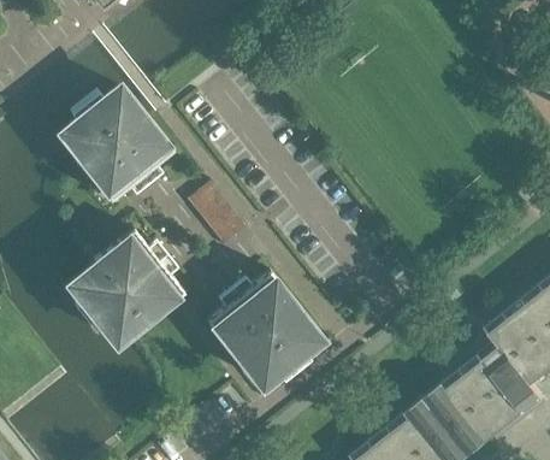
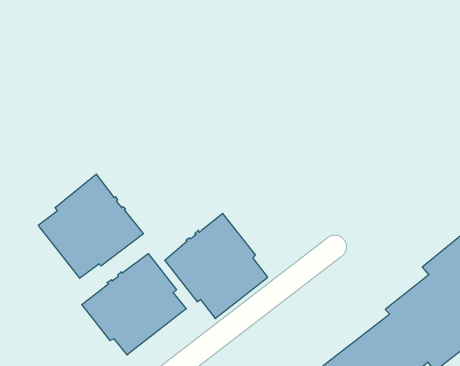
building: [63,90,173,204] -> none
building: none -> [82,254,186,355]

